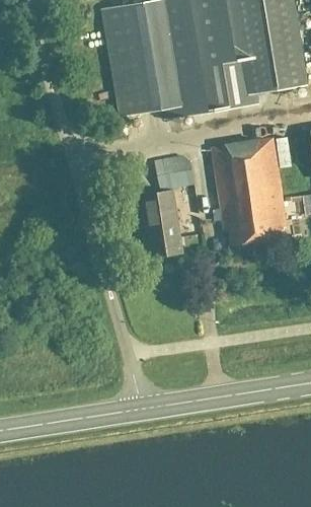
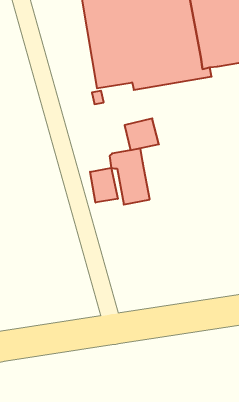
building: [212,136,287,243] -> none
building: none -> [90,168,118,203]

